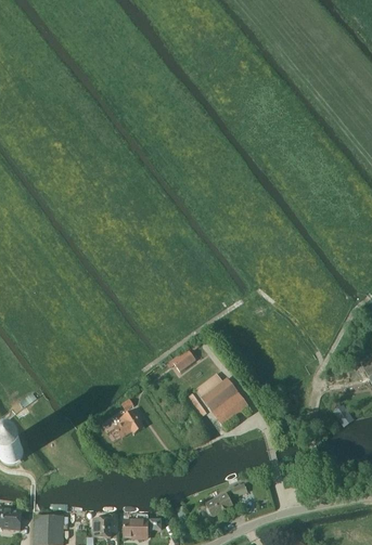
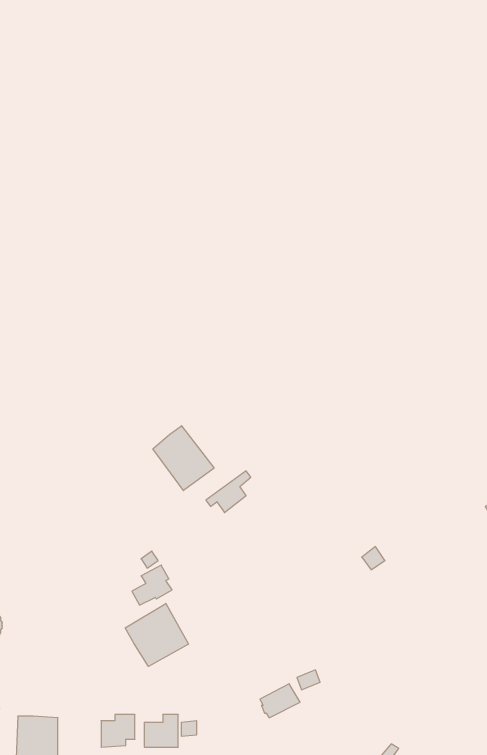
building: none -> [153,426,214,491]
building: [194,373,248,426] -> none
building: none -> [125,603,188,666]

